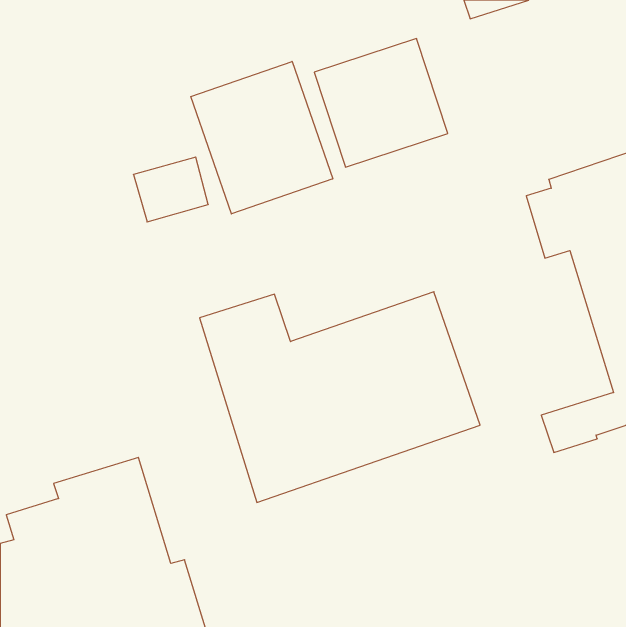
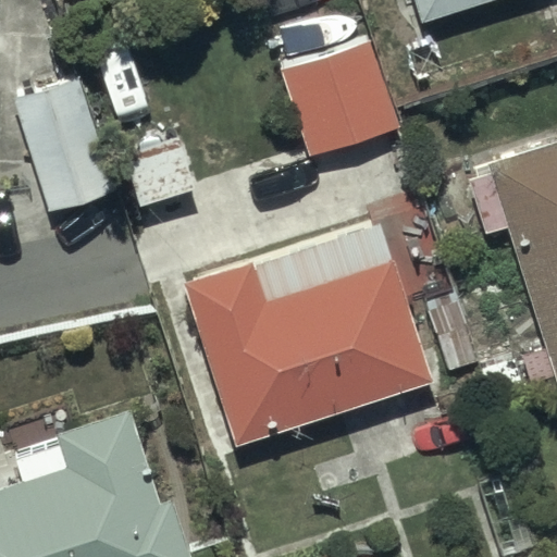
building: [191,61,333,214] -> none
building: none -> [14,78,112,211]

